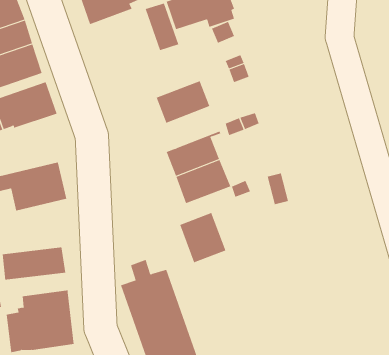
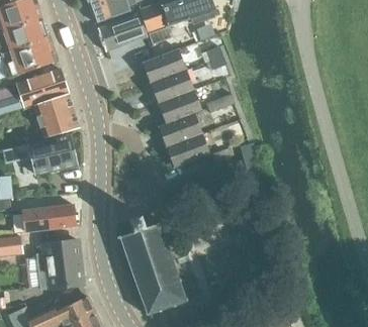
building: none -> [98,14,147,50]
building: none -> [142,48,186,82]
building: none -> [158,89,202,123]
building: none -> [32,95,79,137]
building: [179,212,226,263] -> none

